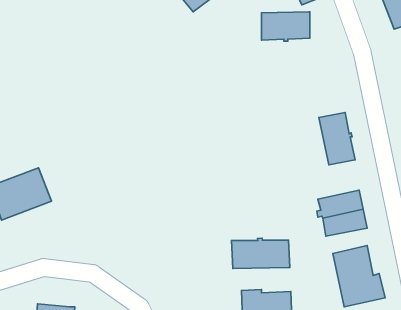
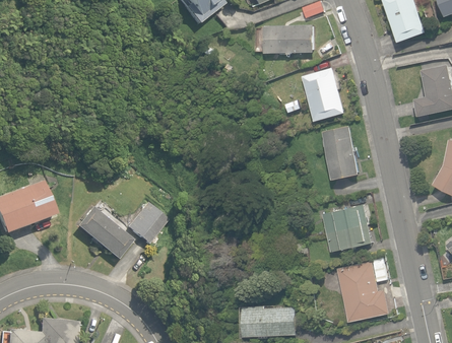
building: none -> [303,67,346,121]
building: none -> [126,202,168,245]
building: none -> [75,207,132,260]
building: [232,238,290,269] -> none

